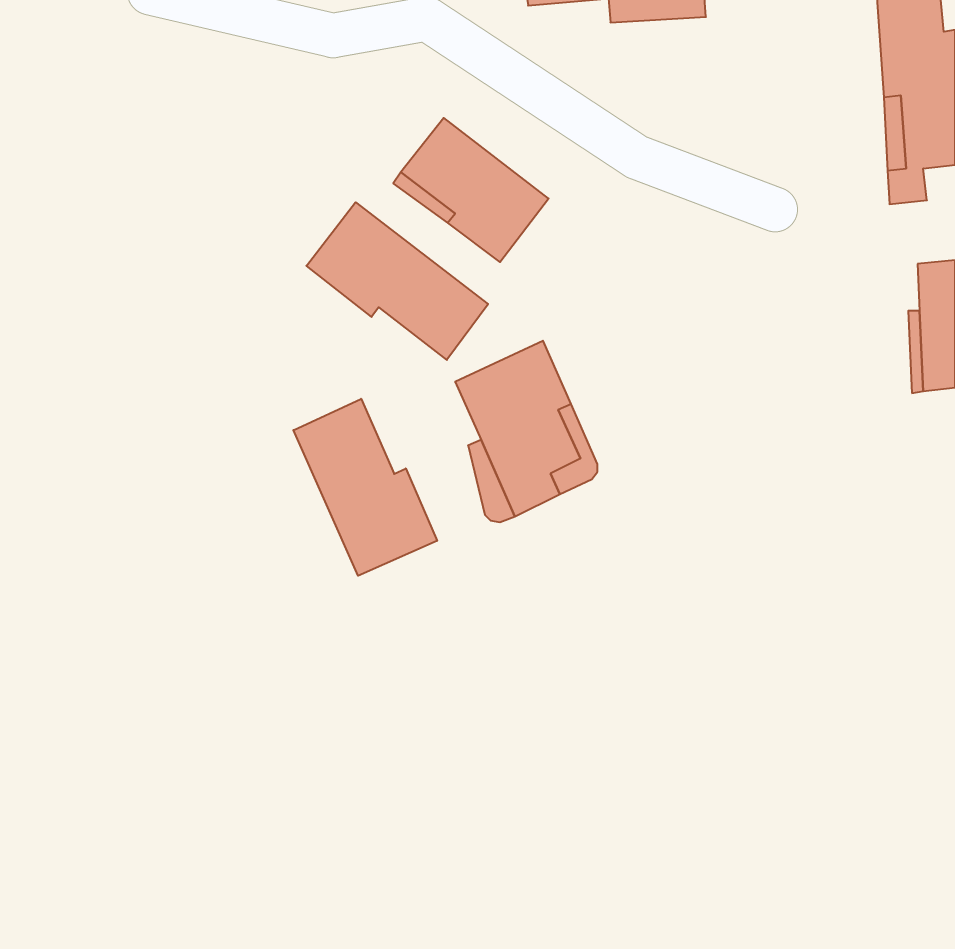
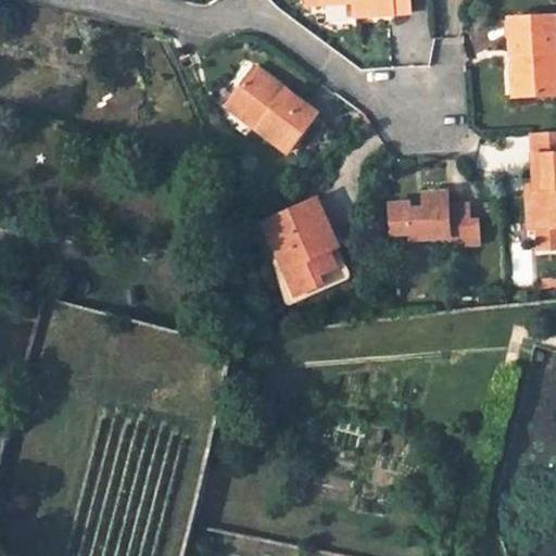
building: [306,202,488,360] -> none
building: none -> [390,191,479,245]
building: [293,399,437,576] -> none

